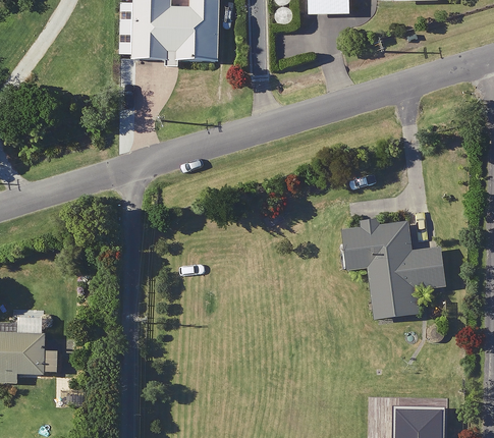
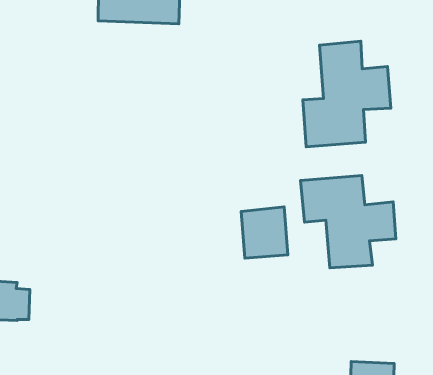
building: none -> [303,41,391,147]
building: none -> [241,207,288,258]

